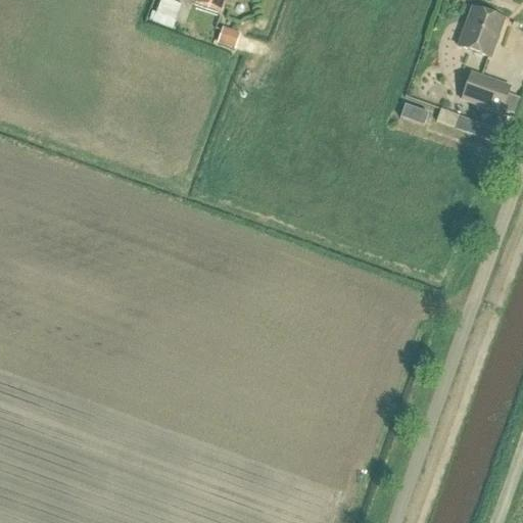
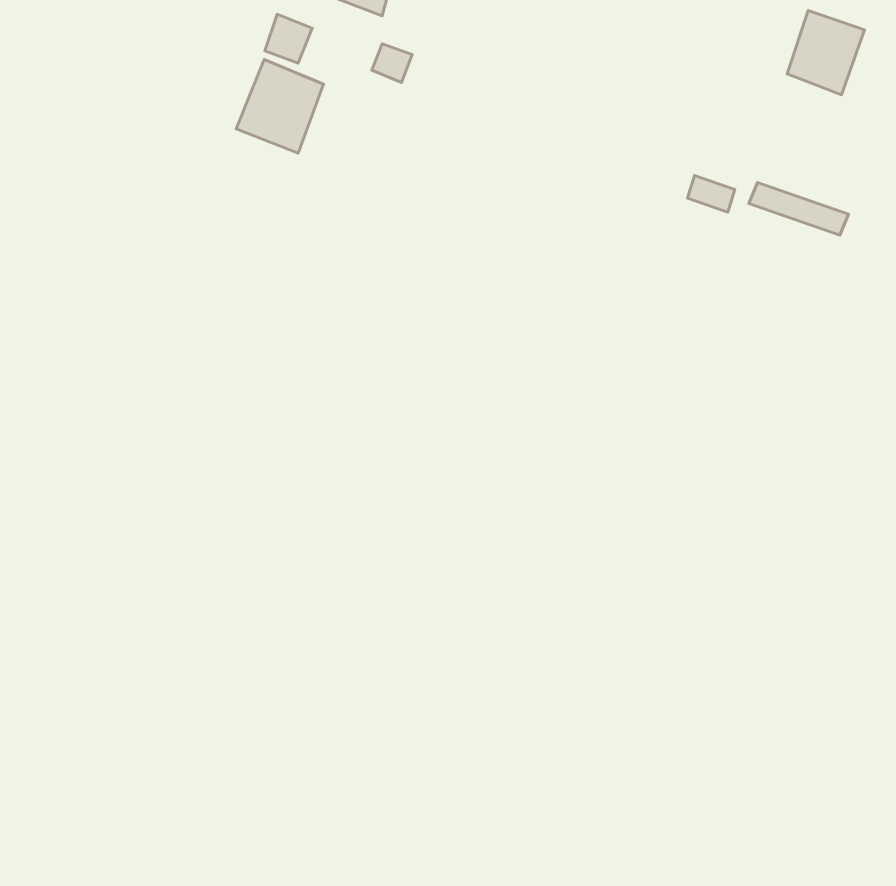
building: none -> [236,60,323,153]
building: [462,69,510,110] -> none

